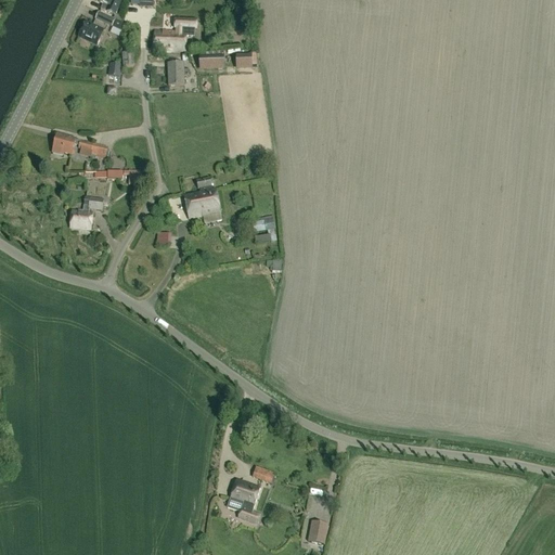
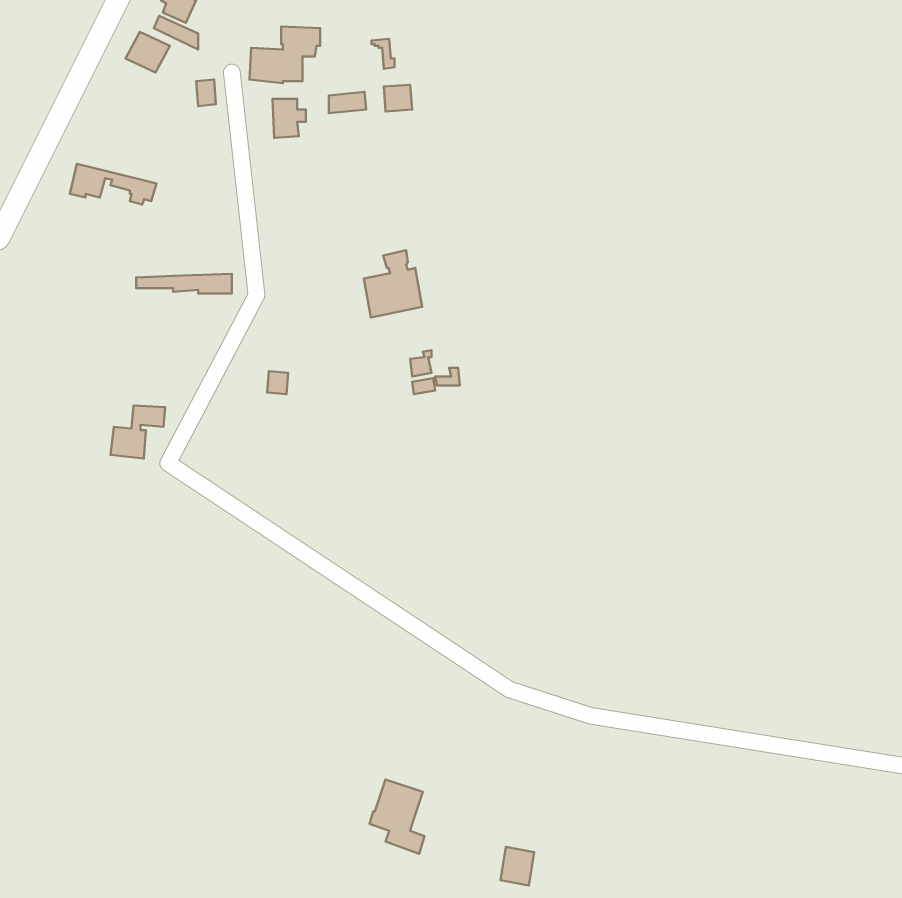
building: [52,133,105,158] -> [70,164,156,205]
building: [183,177,219,218] -> [364,250,422,317]
building: [69,196,103,229] -> [110,405,165,459]

